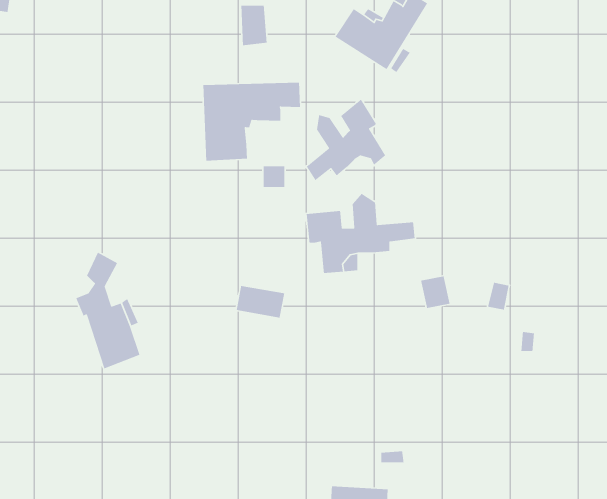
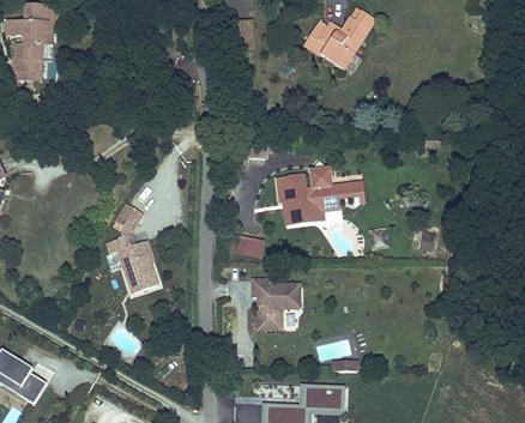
building: [202,82,301,162] -> none
building: [306,98,386,181] -> none
building: none -> [252,276,301,327]

